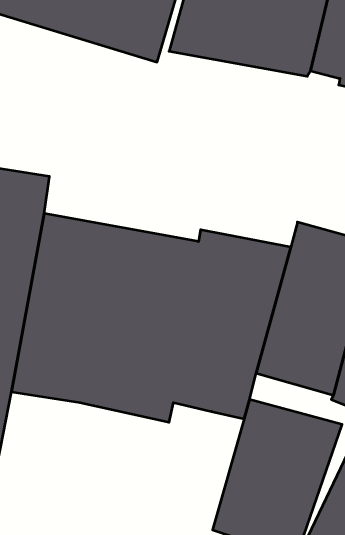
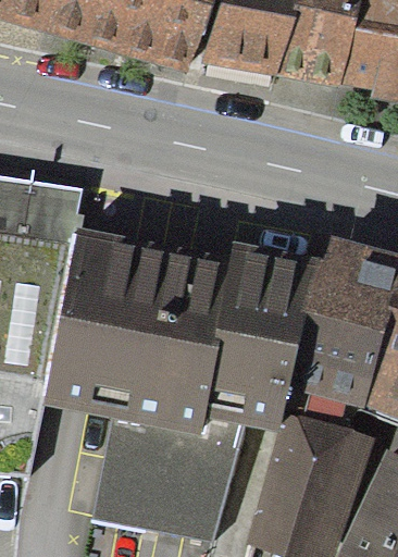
building: none -> [94,414,245,541]

